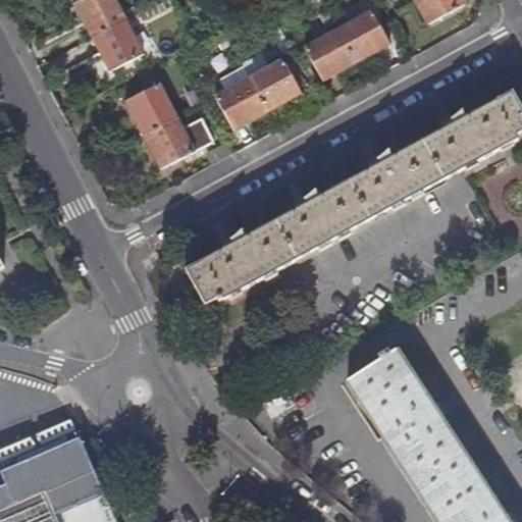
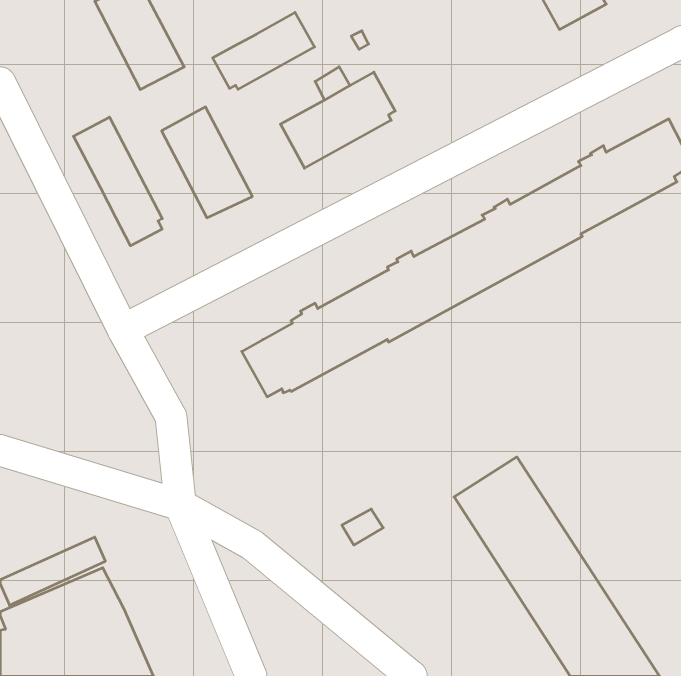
building: [304,9,389,80] -> none
building: none -> [213,12,315,89]
building: none -> [73,117,162,246]

